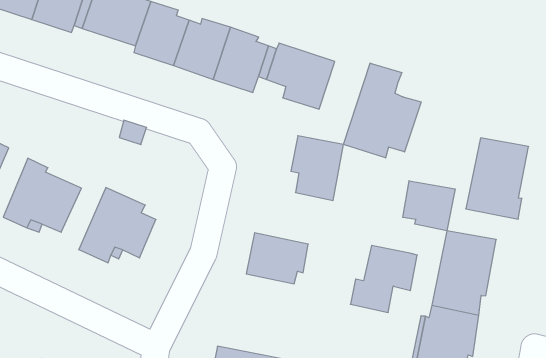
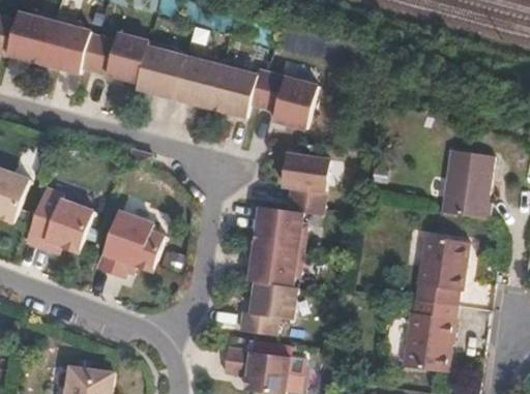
building: [343,63,421,158] -> none
building: [403,181,455,231] -> none
building: none -> [253,207,304,250]
building: [350,245,417,312] -> [239,281,296,340]

